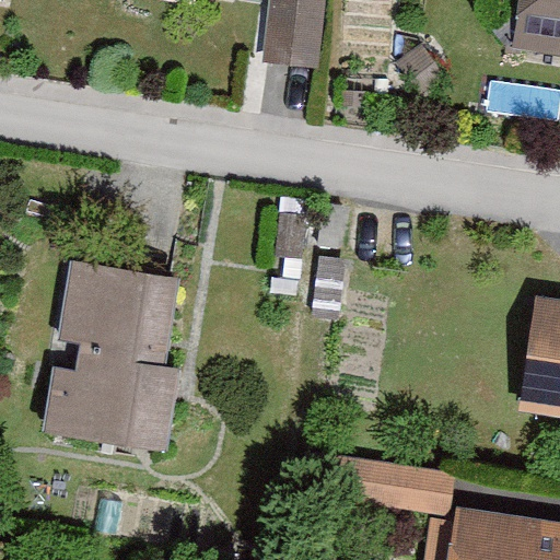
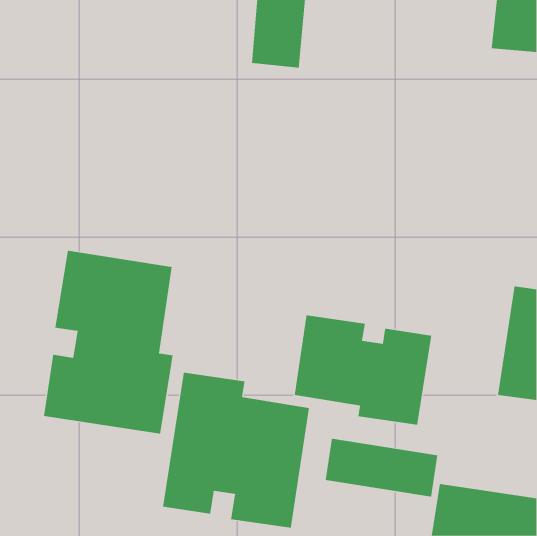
building: none -> [294,315,432,426]
building: none -> [162,372,310,528]

